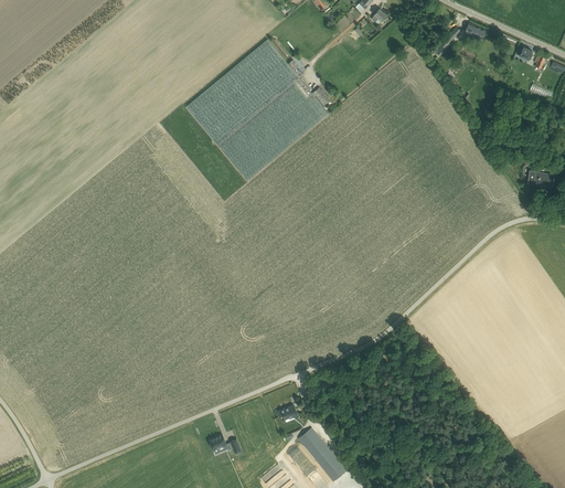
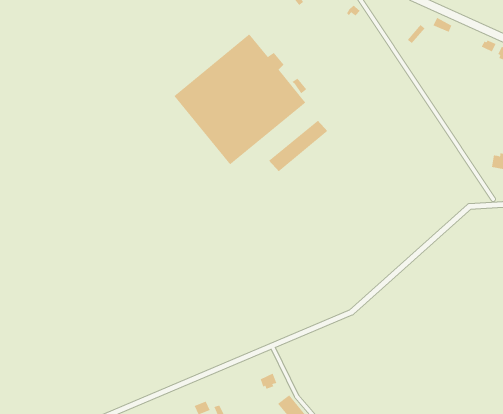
building: none -> [268,120,328,172]

